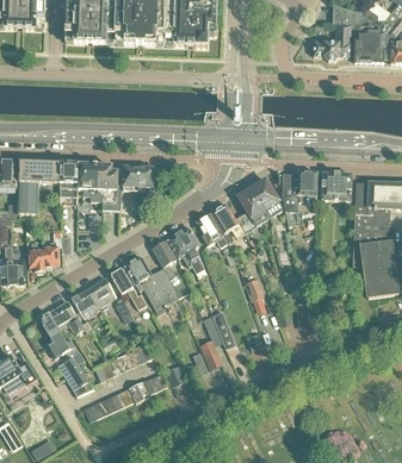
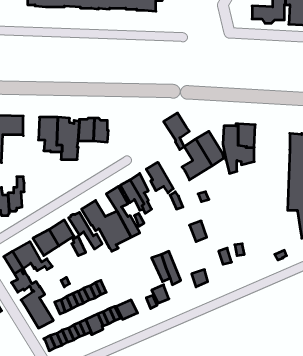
building: [58,162,78,202] -> none
building: [321,171,354,200] -> none
building: [210,202,239,243] -> [164,113,189,150]

